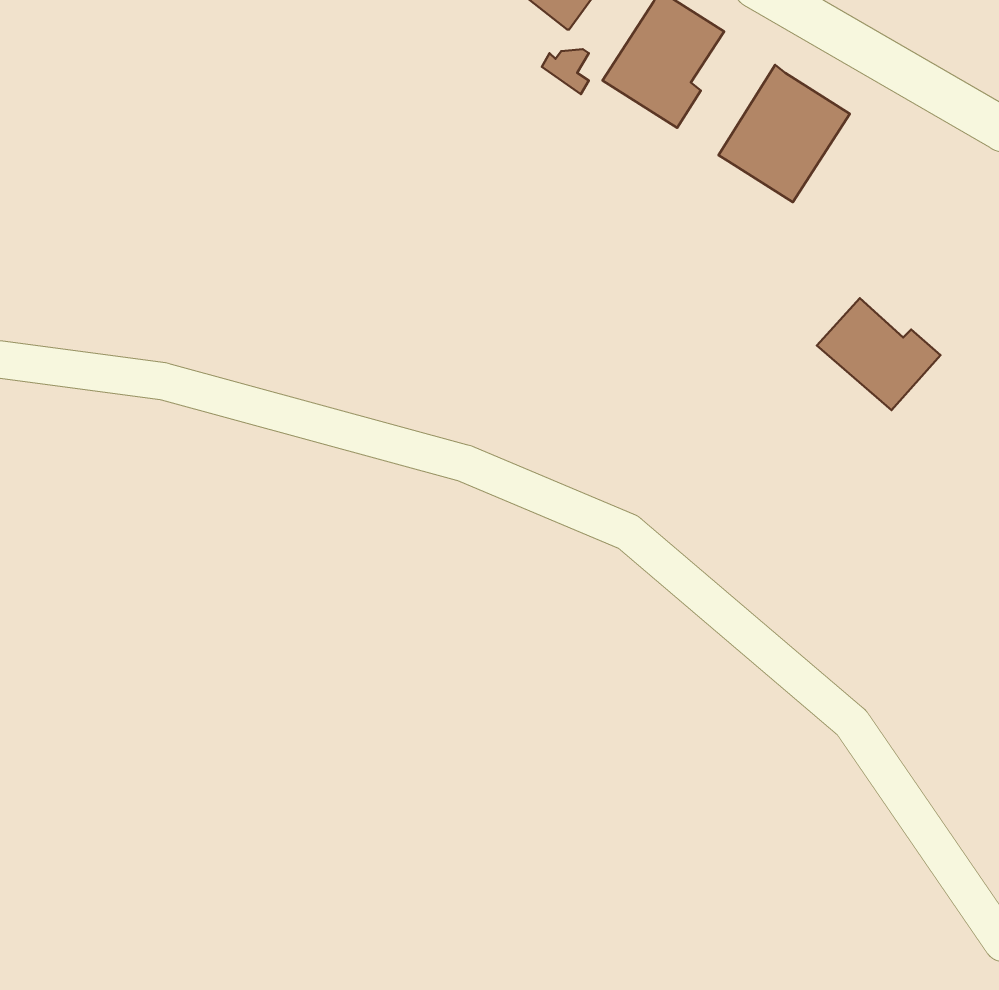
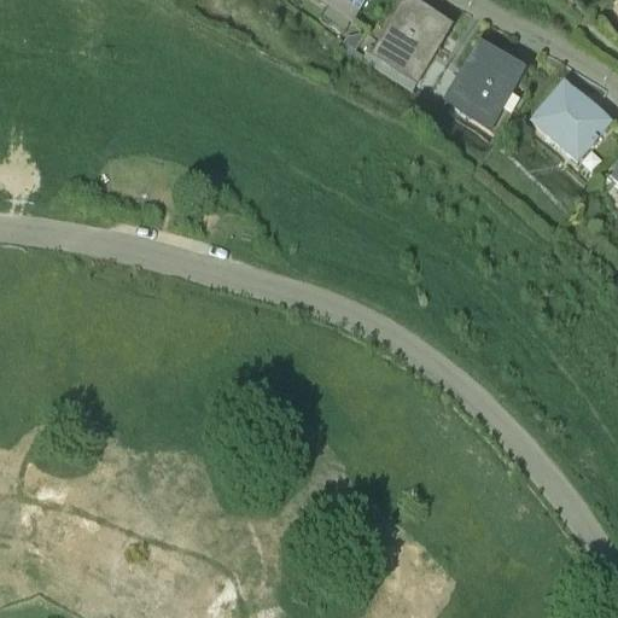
building: [817,298,940,410] -> [534,87,610,156]

